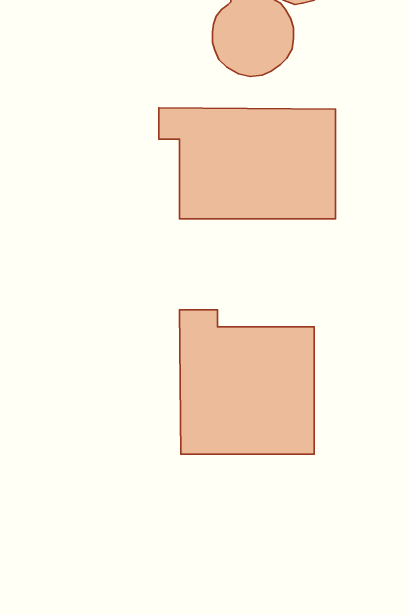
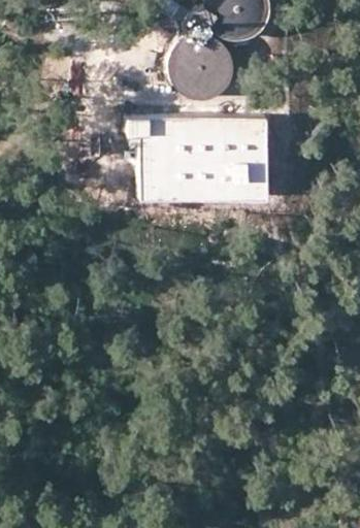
building: [179,310,314,454] -> none

